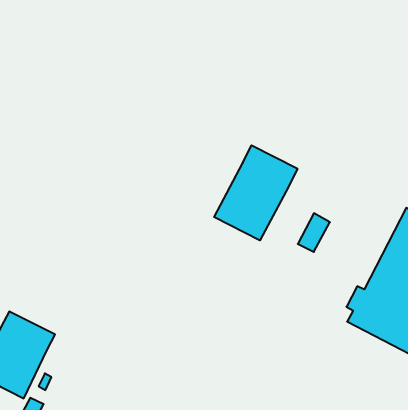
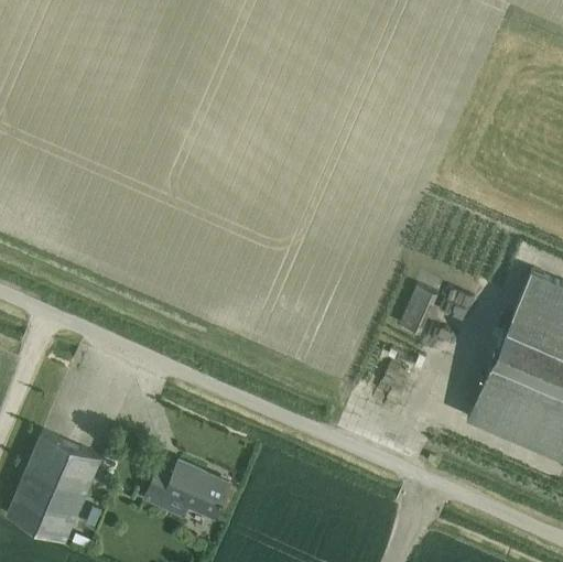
building: [214,145,297,240] -> none
building: none -> [147,464,231,521]

